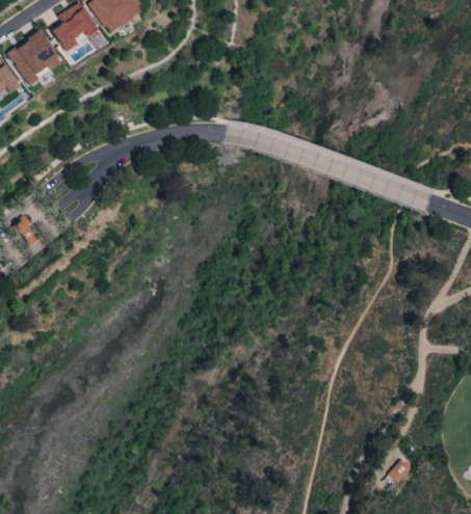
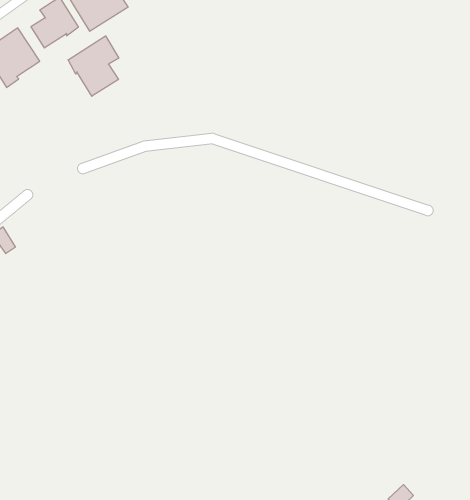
building: none -> [68,36,119,96]

